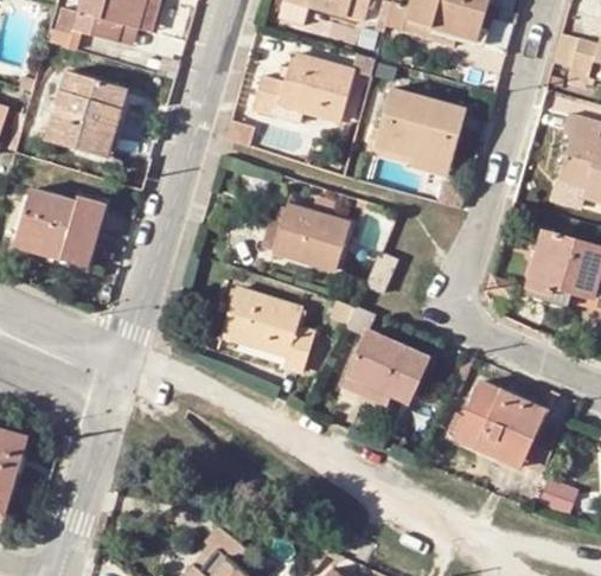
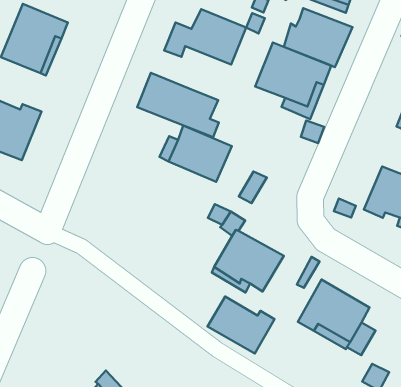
building: none -> [284,8,352,67]
building: none -> [137,73,219,137]
building: [220,288,314,372] -> none
building: none -> [208,296,275,353]

